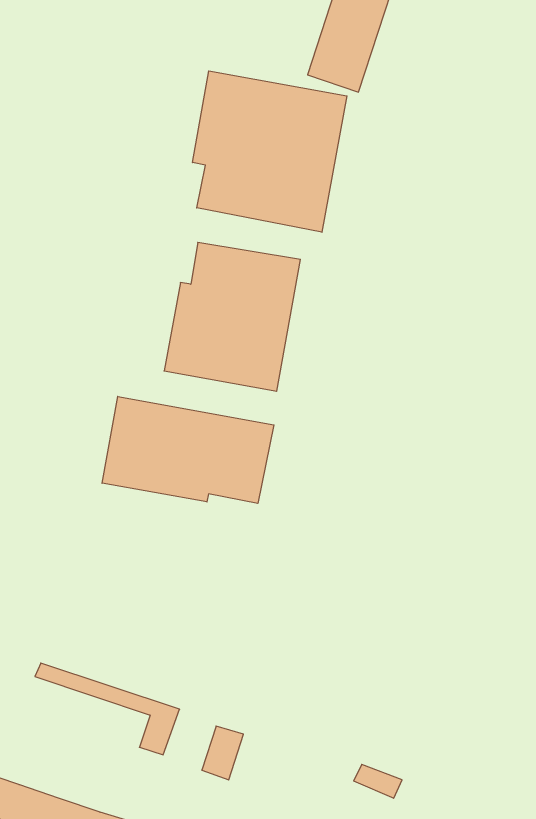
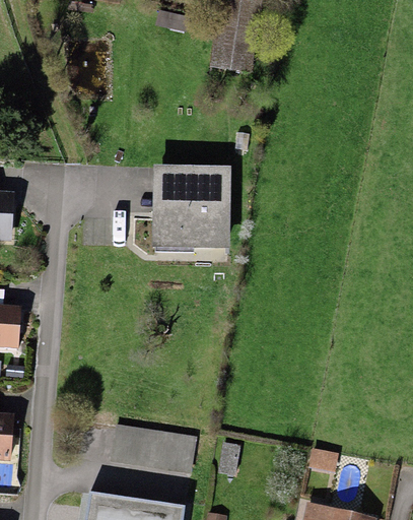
building: [193,71,347,232] -> none
building: [102,396,274,503] -> none

